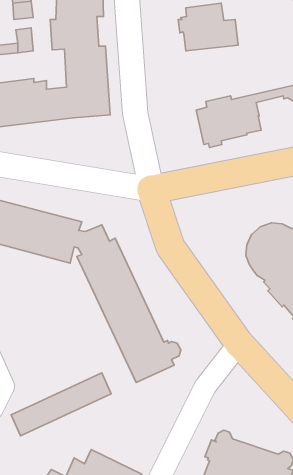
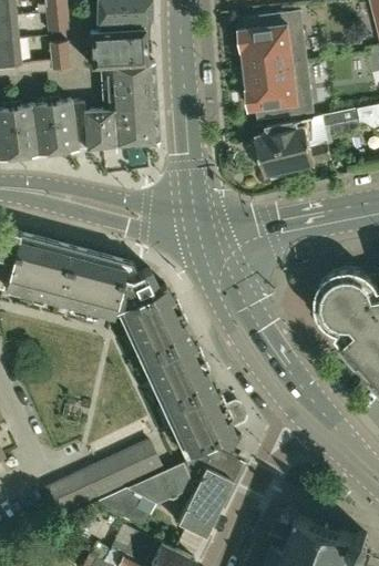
building: none -> [245,62,310,119]
building: none -> [93,436,242,537]

